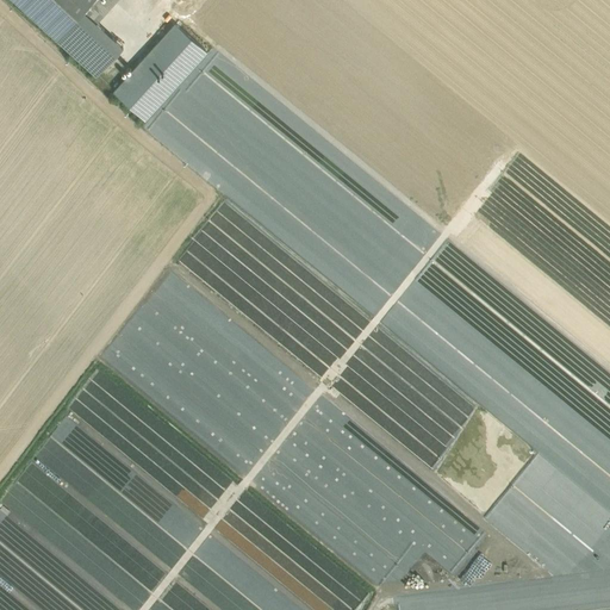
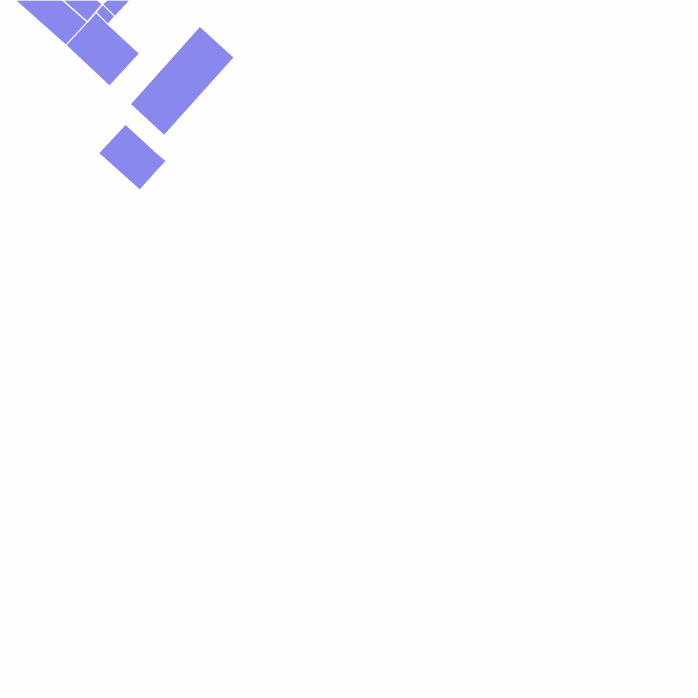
building: none -> [99,124,167,190]

